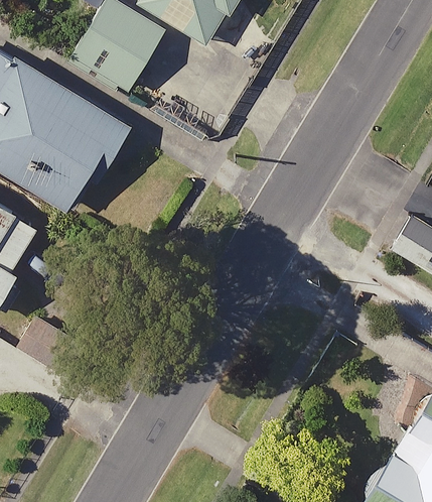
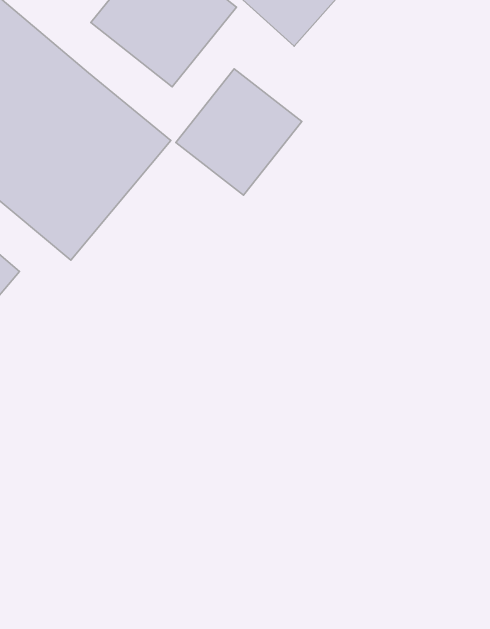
building: none -> [176,69,302,195]

